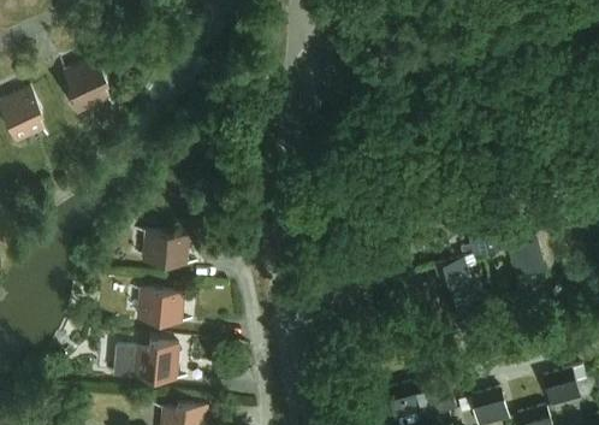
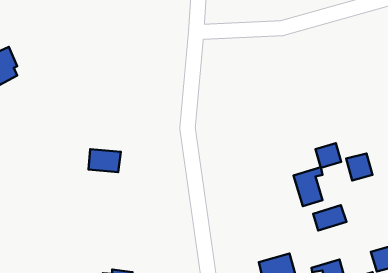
building: [64,57,108,112] -> none
building: [138,290,183,323] -> none
building: none -> [313,205,347,230]
building: [113,343,178,380] -> none

